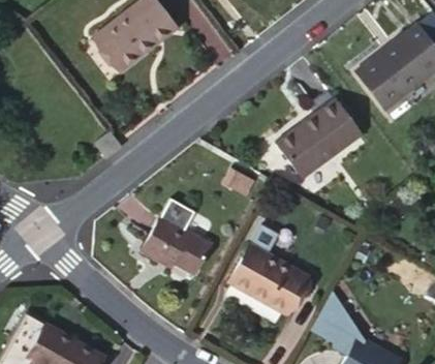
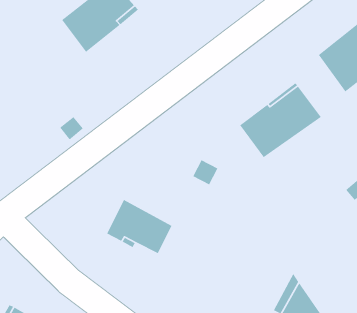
building: [231,243,306,310] -> none

